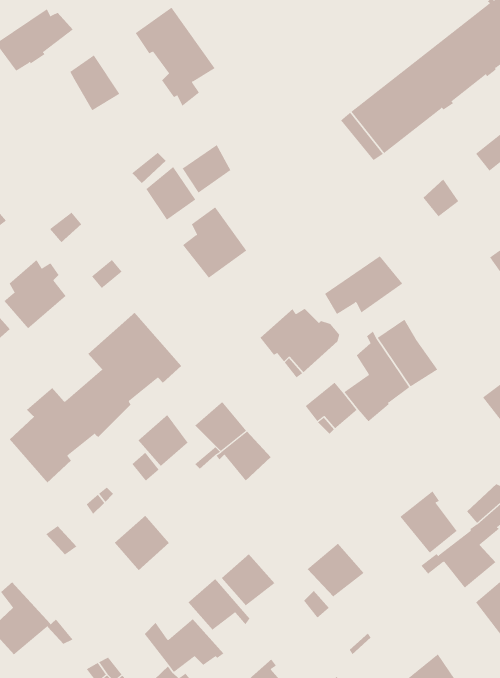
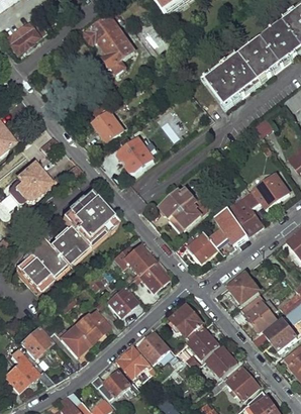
building: [69,55,120,111] -> none
building: [182,144,231,193] -> none
building: [324,255,403,315] -> [243,175,289,209]
building: [138,414,188,467] -> [106,285,135,315]
building: none -> [229,276,258,304]
building: none -> [169,303,202,336]
building: none -> [20,325,52,357]
building: none -> [58,325,90,354]
building: none -> [206,344,237,376]
building: none -> [226,368,258,400]

